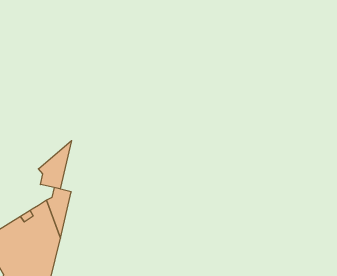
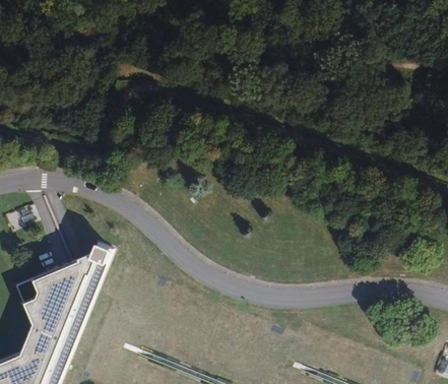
building: [38,141,72,189] -> none

